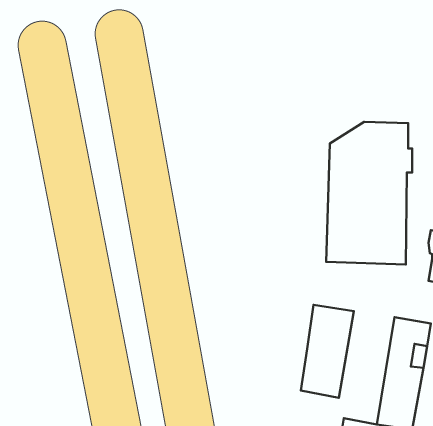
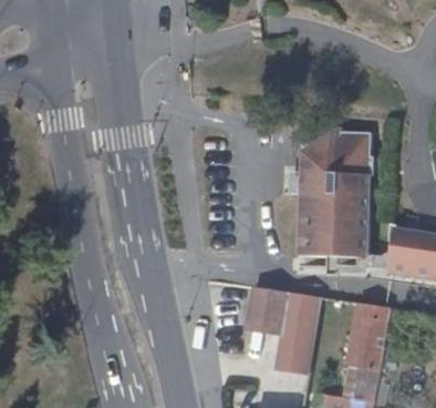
building: none -> [246,286,287,330]

